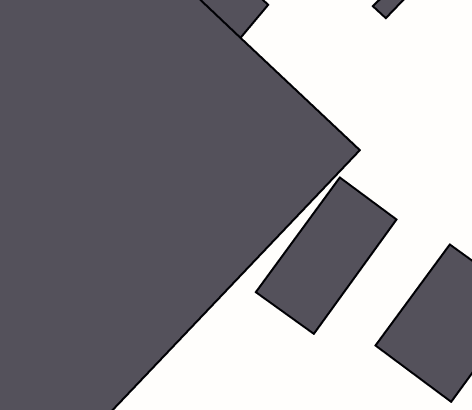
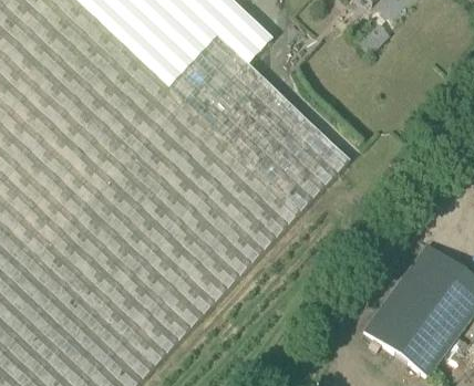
building: [256,177,397,334] -> none

